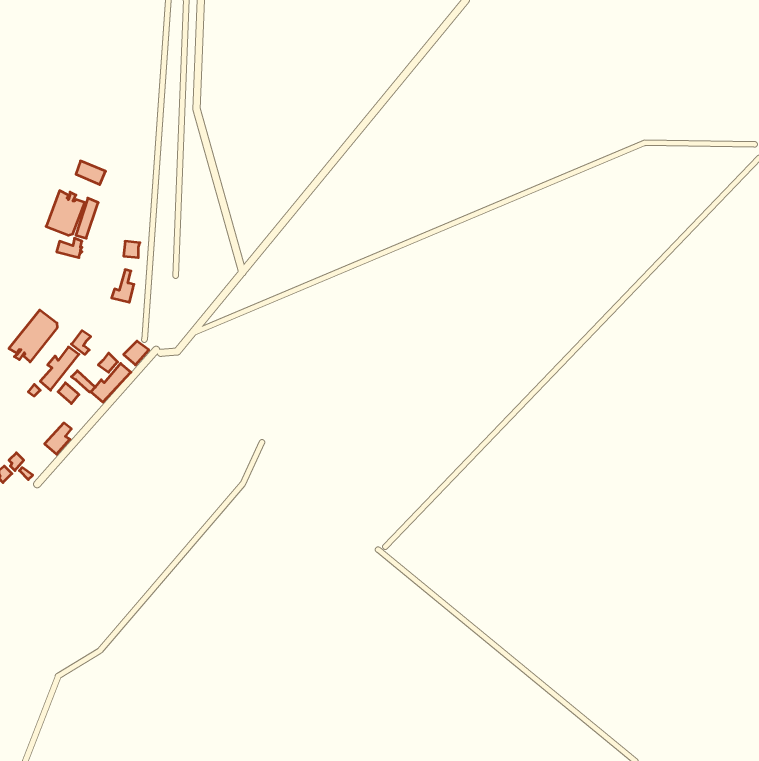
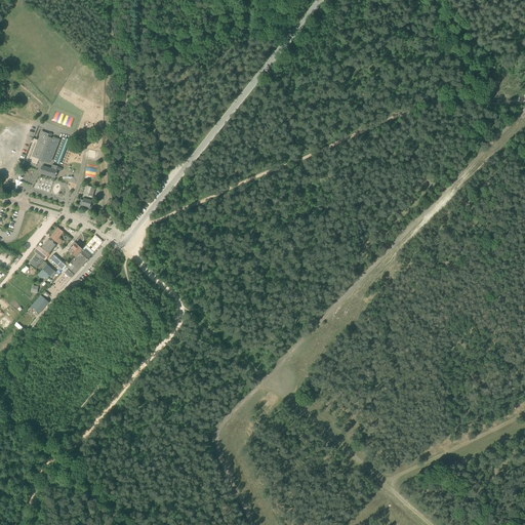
building: [9,310,57,362] -> none

